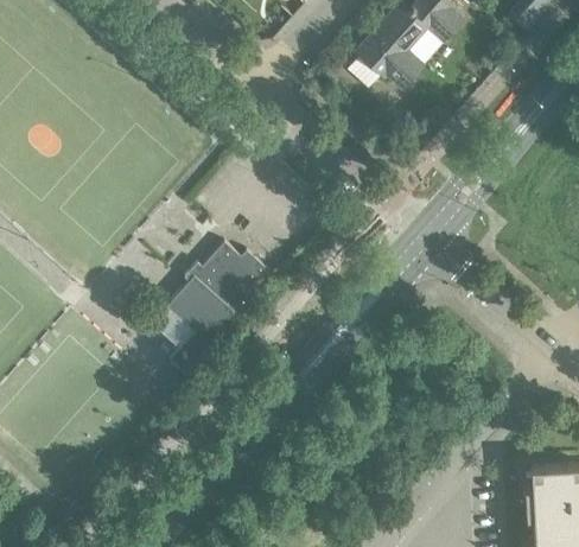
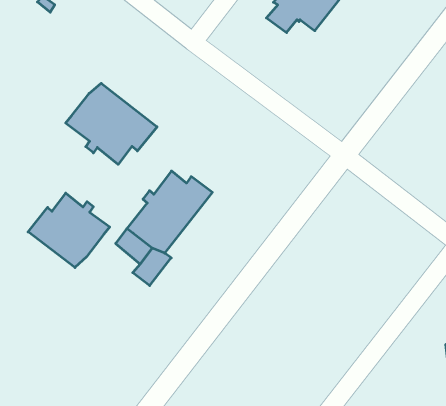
building: none -> [66,83,157,164]
building: none -> [28,193,110,268]

